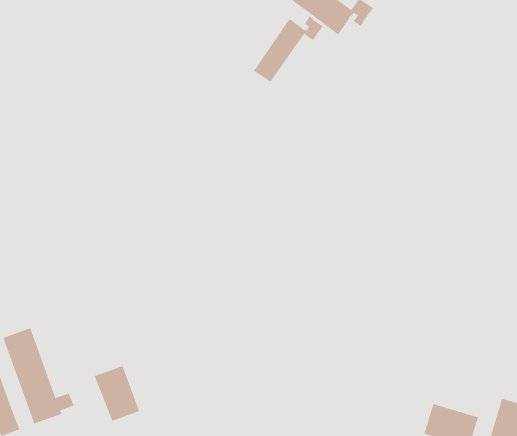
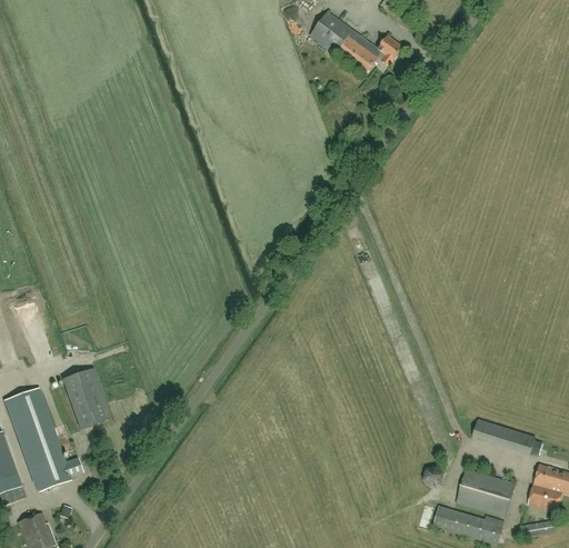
building: [253,16,323,83] -> none
building: none -> [472,419,533,452]
building: [94,365,140,422] -> [61,368,110,428]

